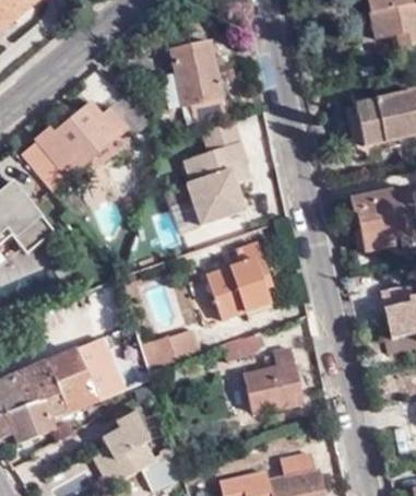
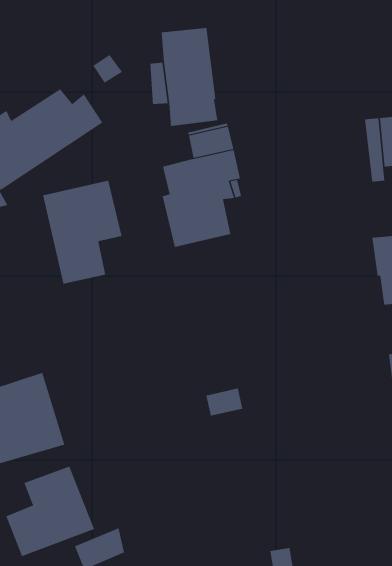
building: none -> [42,180,122,285]
building: [210,241,271,319] -> none
building: [143,331,201,367] -> none
building: [246,347,301,411] -> none

